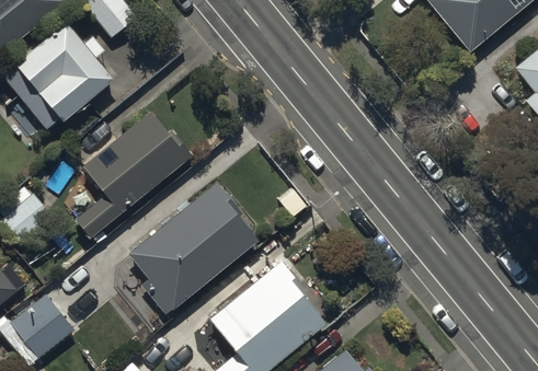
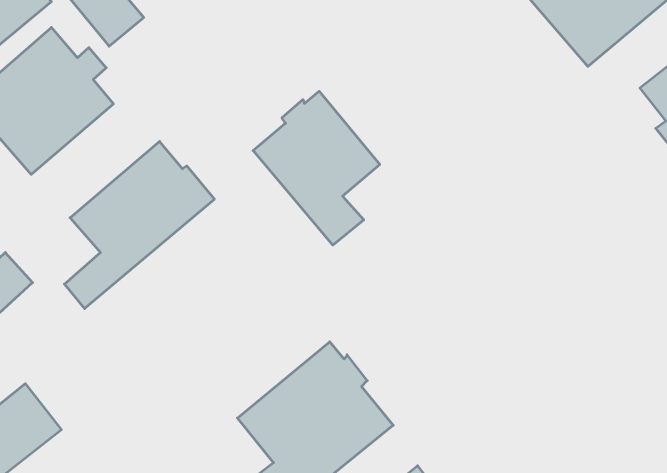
building: none -> [253,91,380,245]
building: [130,183,262,317] -> none

